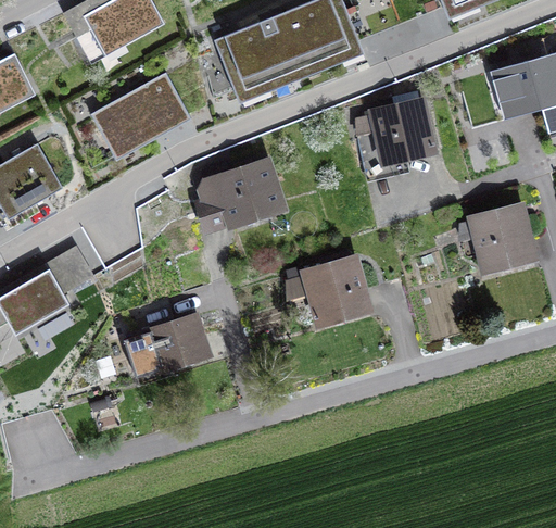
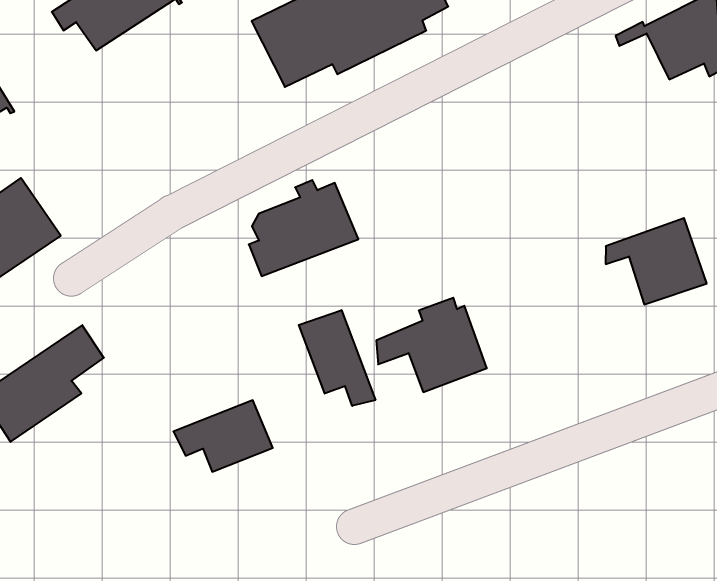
building: [84,74,190,171] -> none
building: [356,104,431,167] -> none
building: none -> [299,310,375,406]

